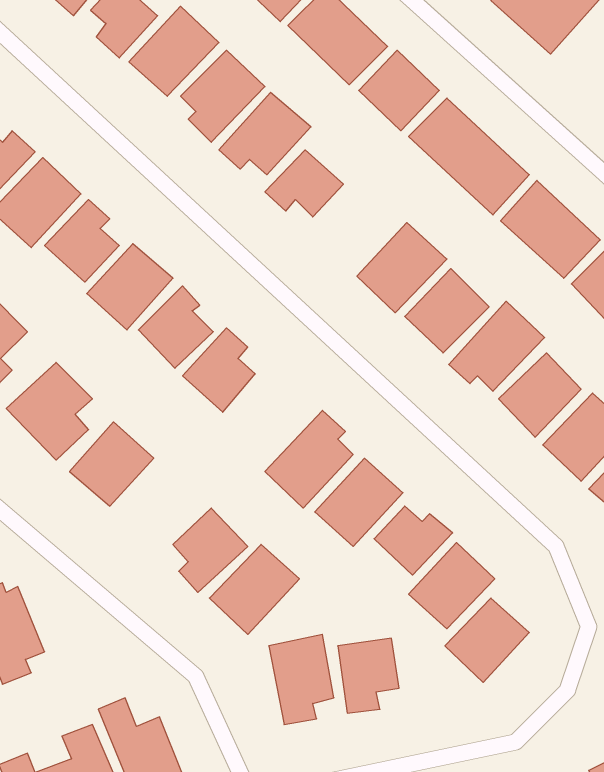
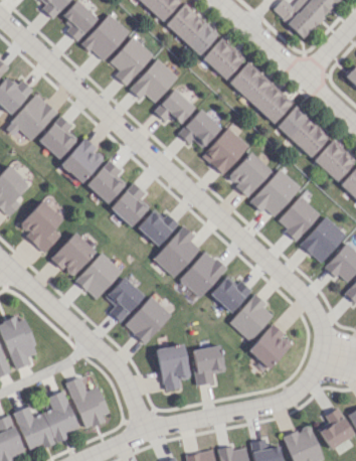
building: none -> [178,109,221,147]
building: none -> [138,208,179,246]
building: none -> [75,252,122,299]

